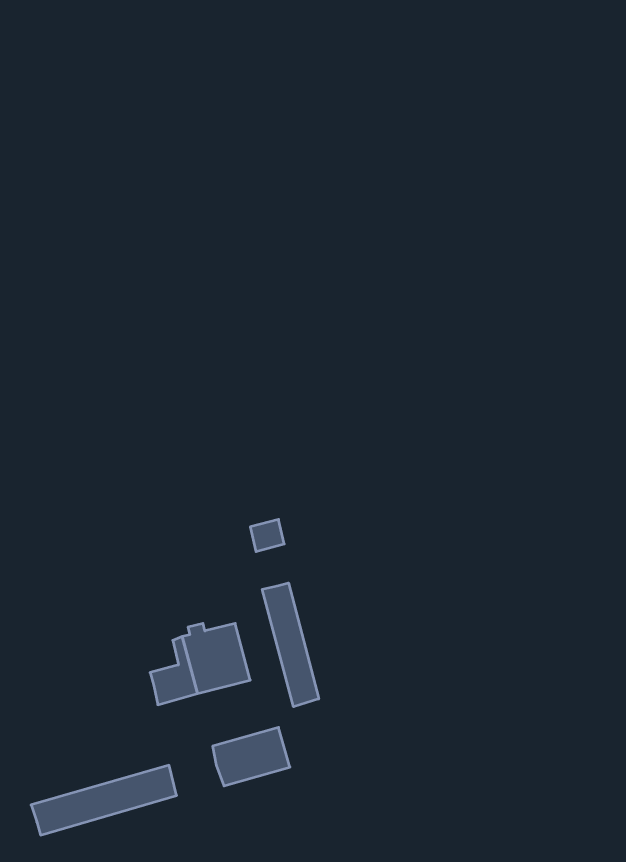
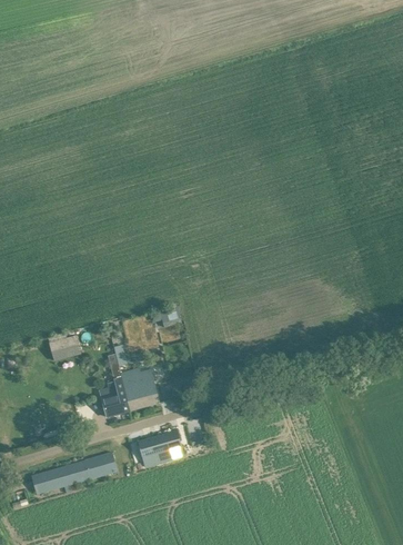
building: none -> [48,335,78,359]
building: [262,583,319,707] -> none

